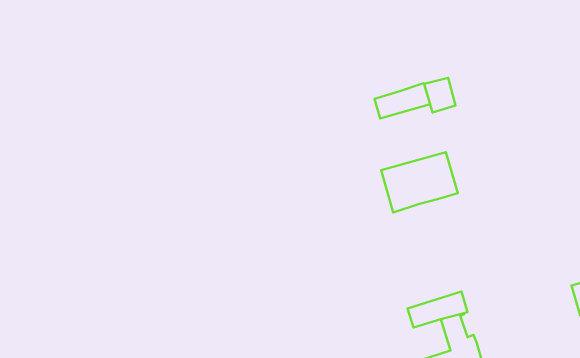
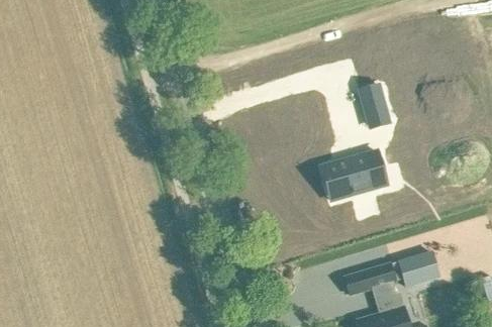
building: [375,83,430,119] -> none
building: none -> [391,252,440,288]

